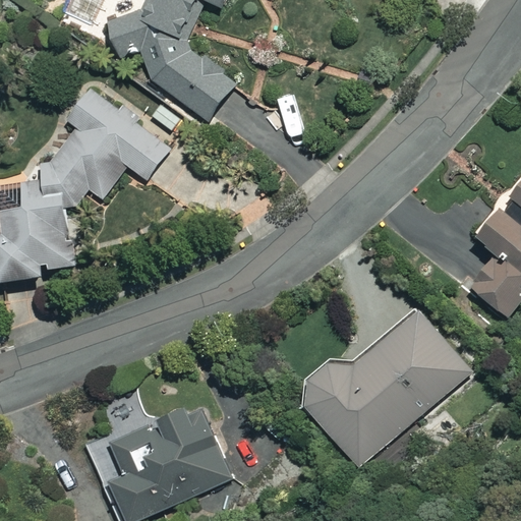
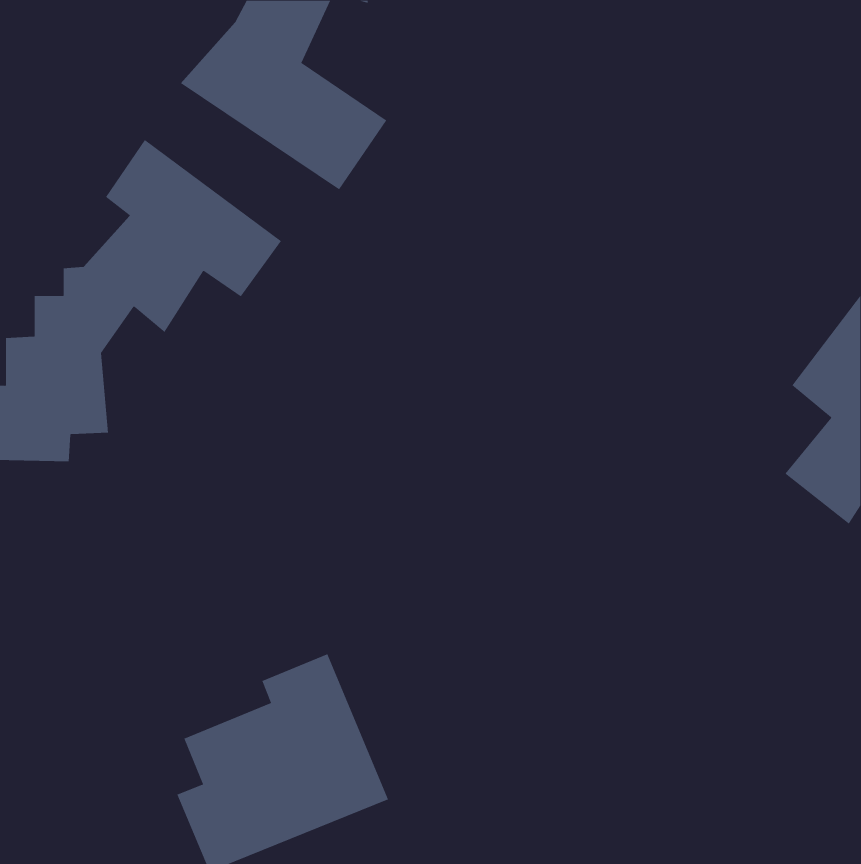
building: [301,311,473,469] -> none

